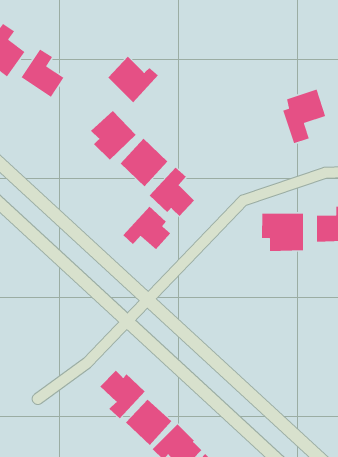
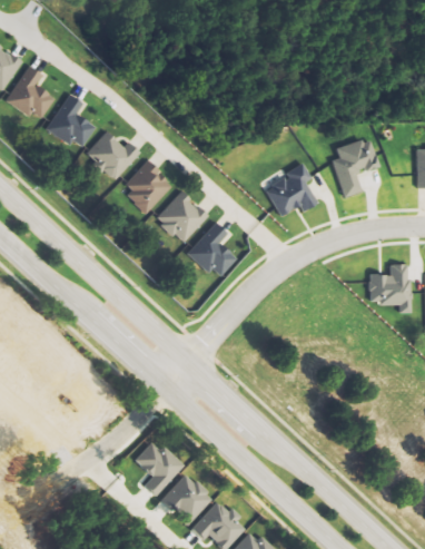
building: [107,56,159,103] -> [83,130,139,182]
building: none -> [263,165,316,216]
building: [122,206,171,250] -> none
building: [261,213,304,252] -> none

